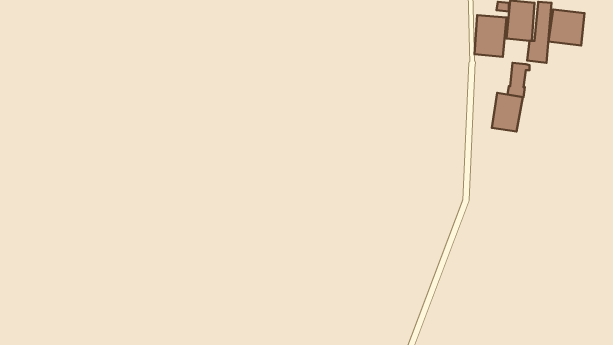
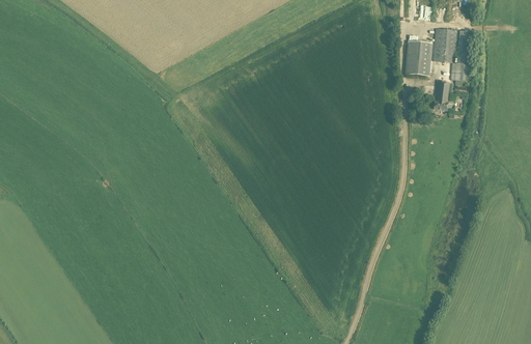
building: [548,9,585,46] -> none
building: [492,93,523,132] -> none

